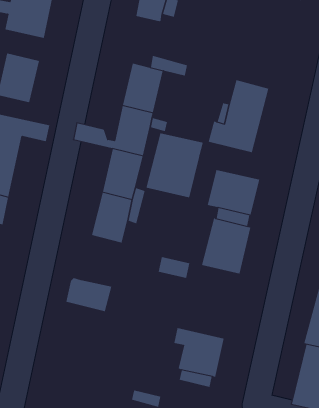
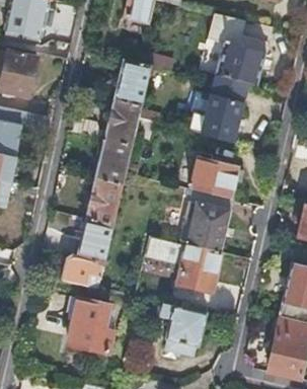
building: none -> [215,28,265,86]
building: [146,132,204,198] -> none
building: none -> [75,218,112,264]
building: none -> [175,245,220,293]
building: none -> [66,298,113,356]

